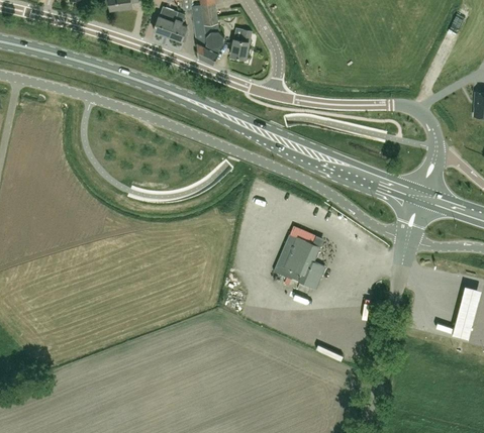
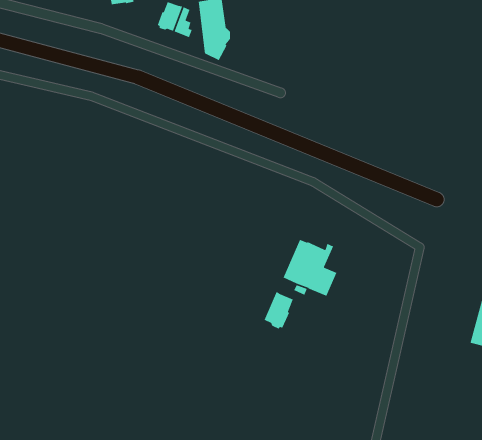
building: [231,28,253,59] -> none
building: none -> [264,291,294,330]

